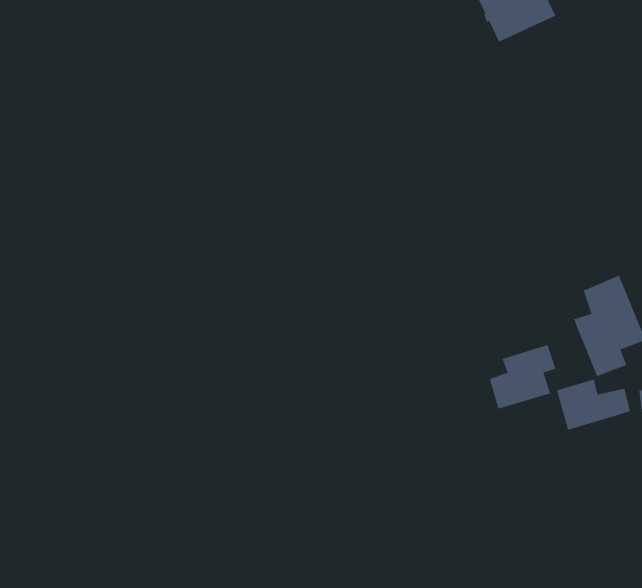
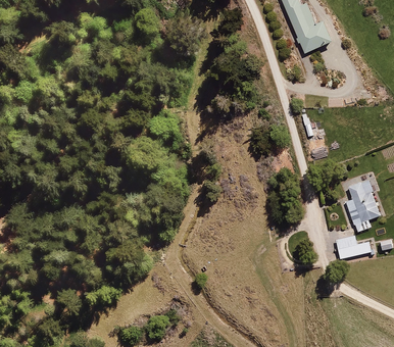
building: [489,344,556,409] -> none

